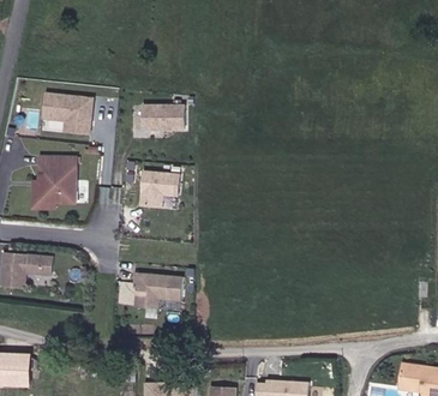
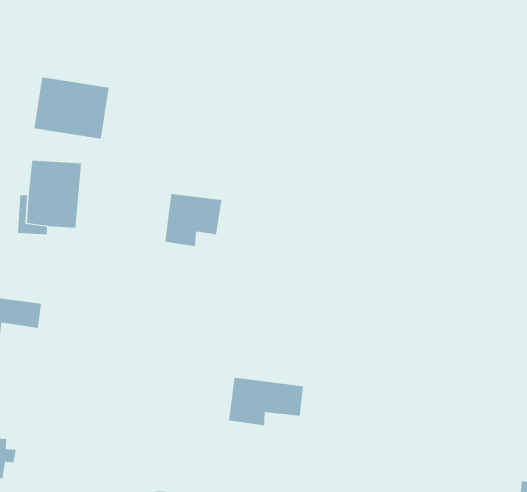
building: [139,106,185,130] -> none
building: [130,275,182,308] -> [228,377,304,426]

